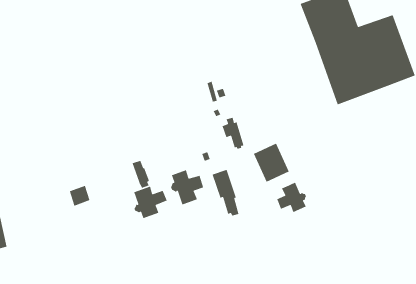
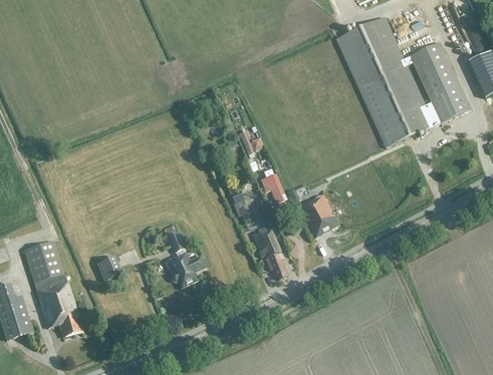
building: none -> [23,239,82,336]
building: [170,169,204,206] -> none
building: [276,182,307,213] -> none

